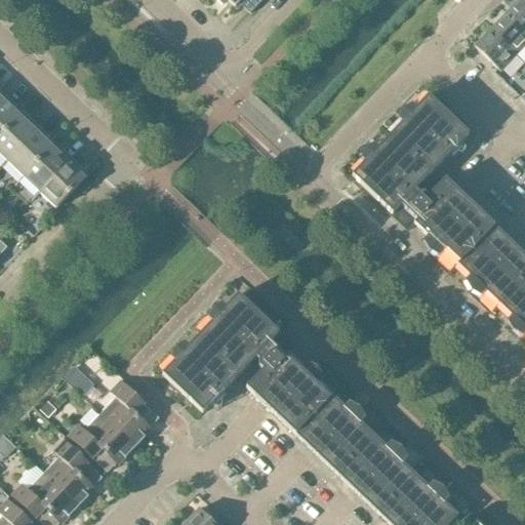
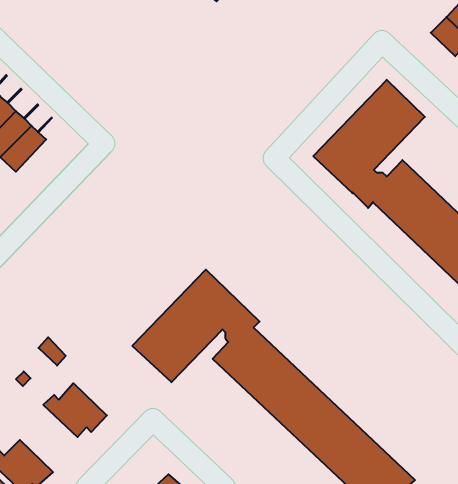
building: [41,150,98,206] -> none
building: [102,379,157,445] -> none
building: [45,439,100,504] -> none

